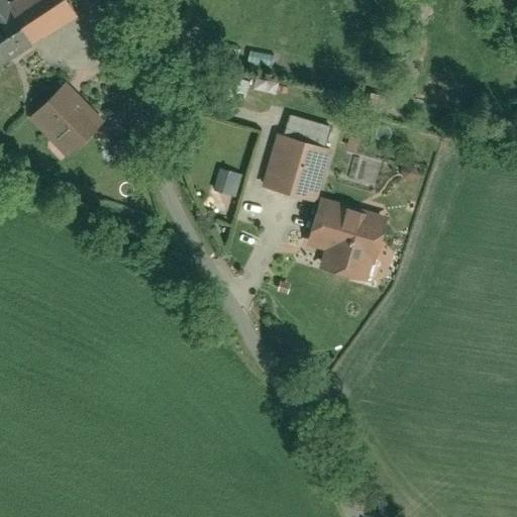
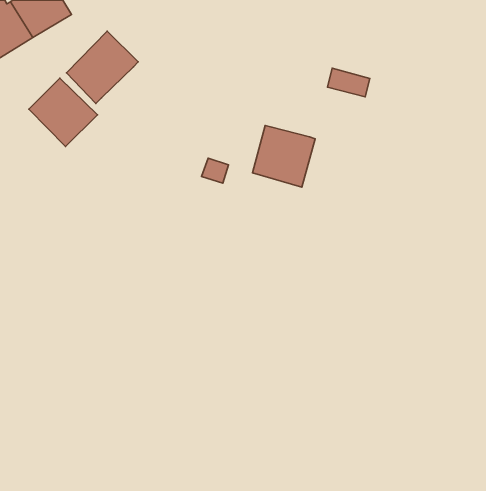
building: none -> [66,31,138,103]
building: [285,115,329,145] -> [327,68,370,97]
building: [307,199,392,284] -> none

